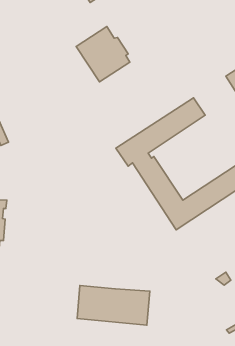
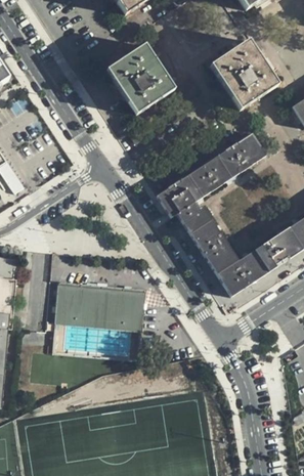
building: none -> [210,40,277,109]
building: [77,285,150,325] -> [55,280,145,330]

